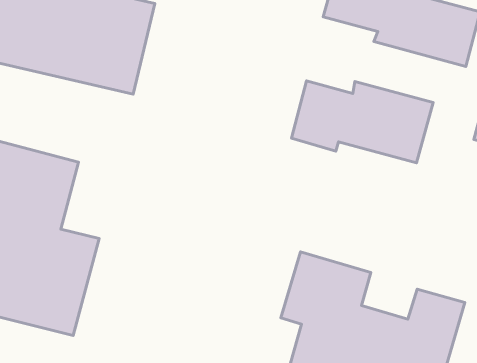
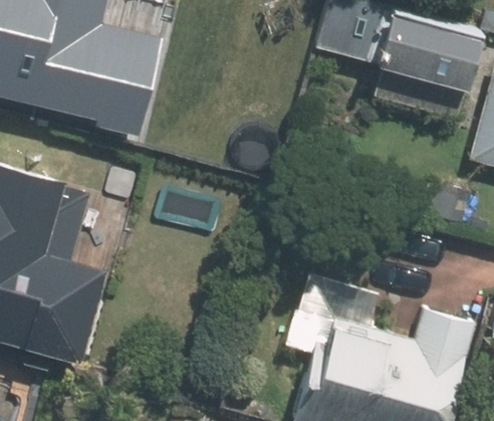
building: [291,81,433,163] -> none

